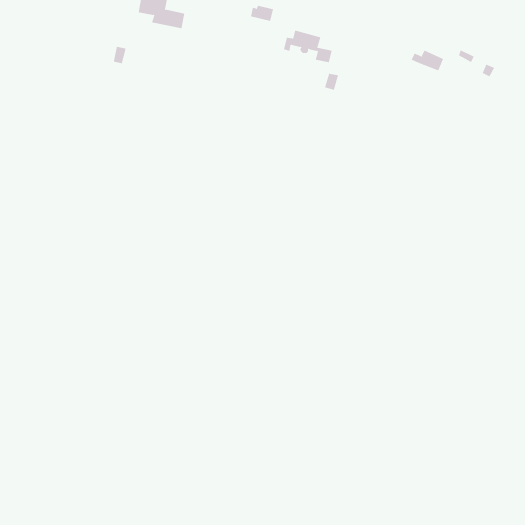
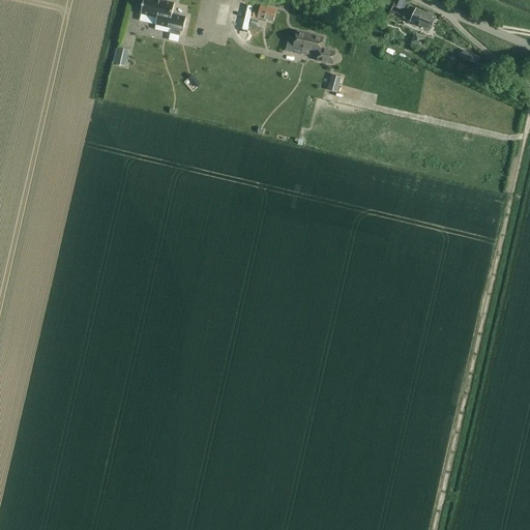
building: [411,50,444,71] -> [402,7,435,29]

